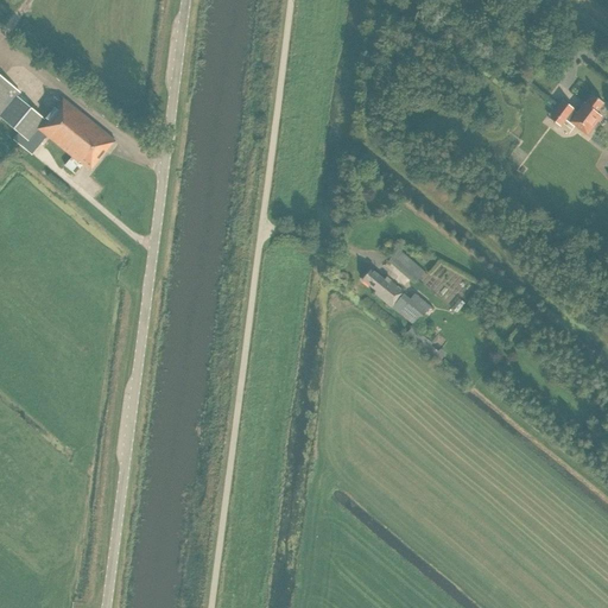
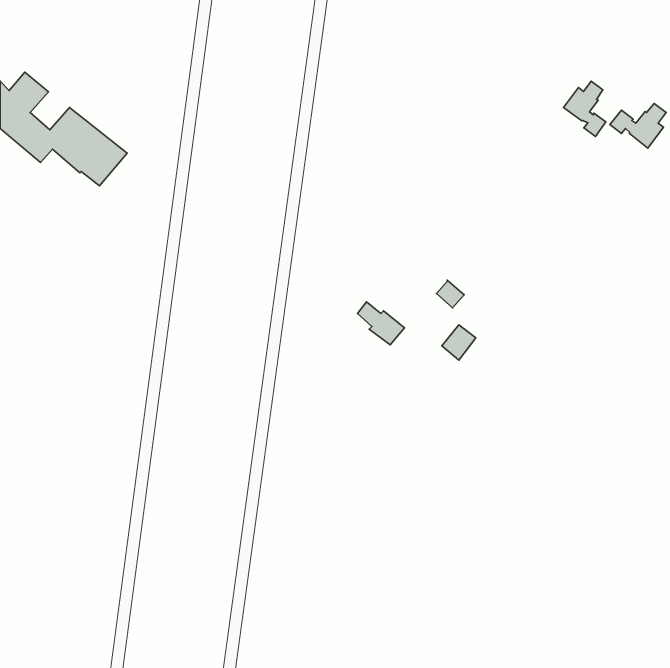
building: none -> [563,81,606,136]
building: [362,267,405,306] -> [357,302,405,345]

